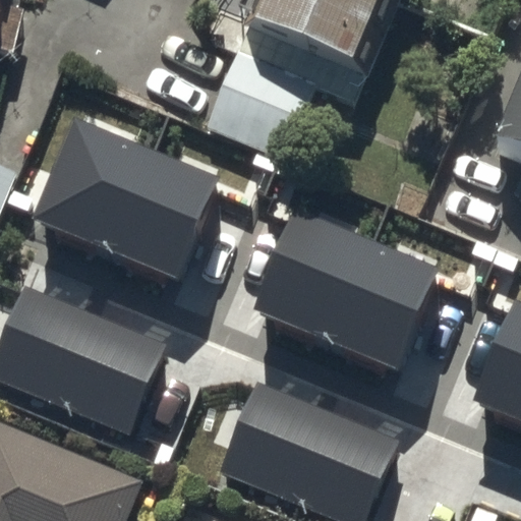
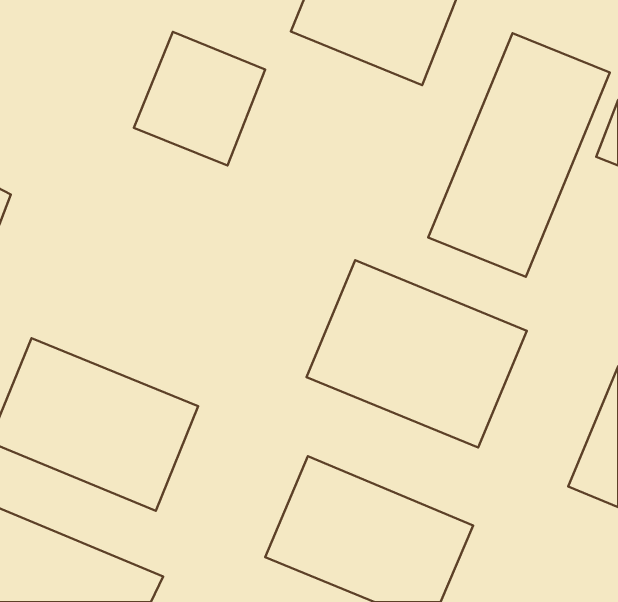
building: none -> [428,33,610,277]
building: [201,51,311,163] -> [134,32,265,166]
building: [37,126,222,284] -> none

